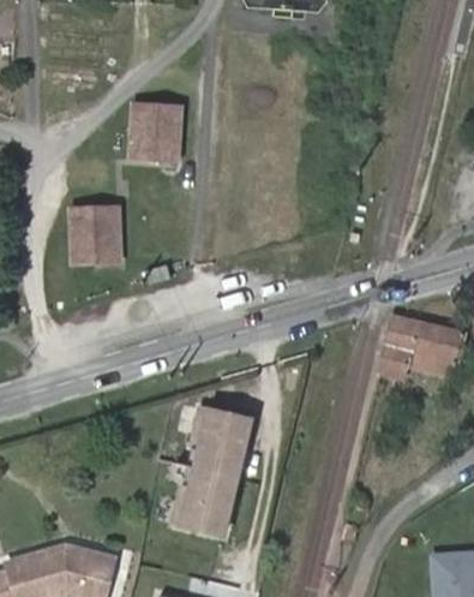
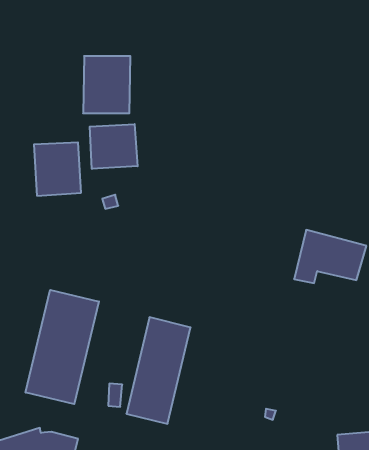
building: none -> [90,124,138,169]
building: none -> [26,290,99,404]

